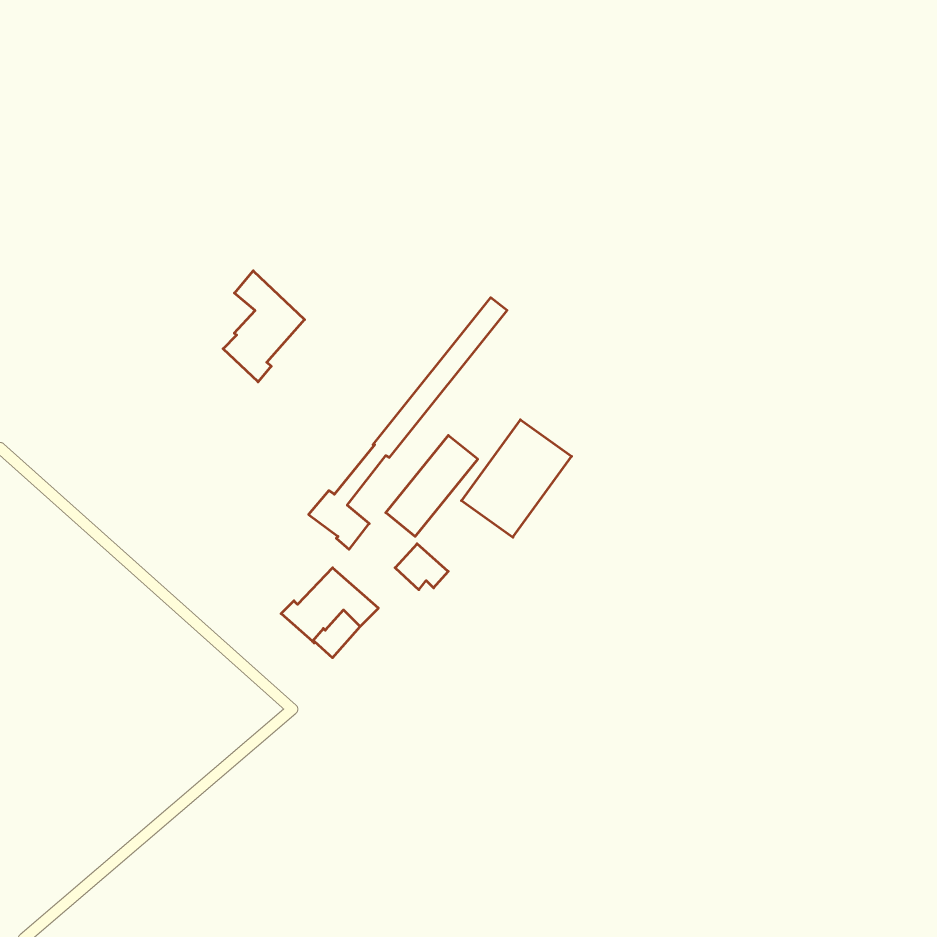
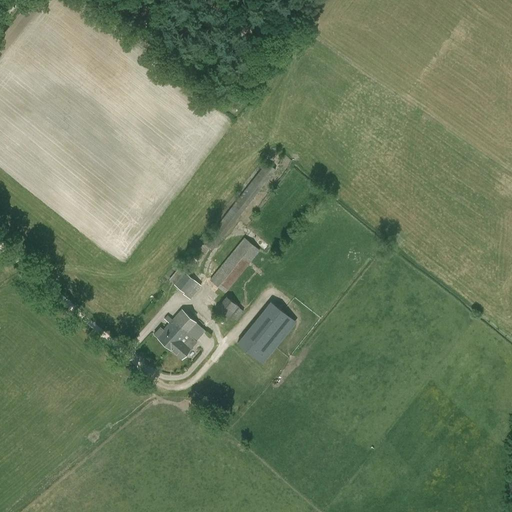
building: [223,271,305,382] -> none
building: [461,420,572,537] -> [235,301,295,365]

